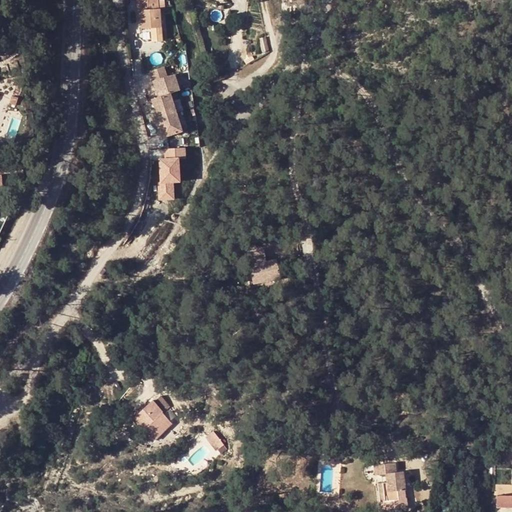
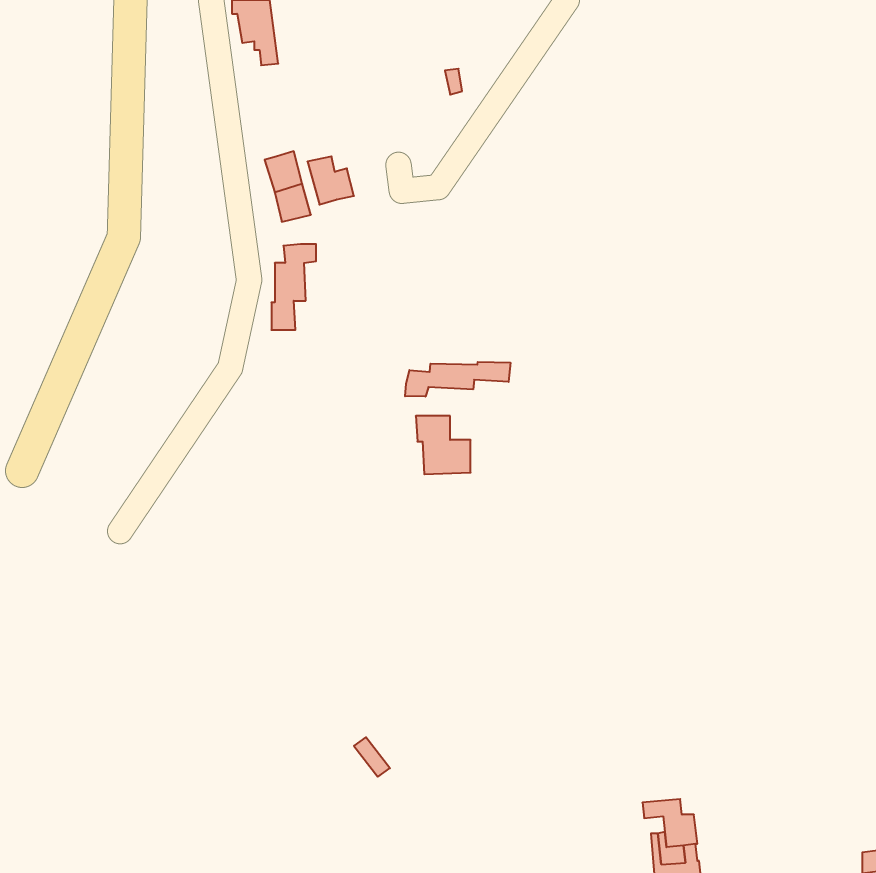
building: [155,66,182,94] -> [307,156,354,205]
building: none -> [405,362,510,397]
building: [137,404,176,443] -> none

